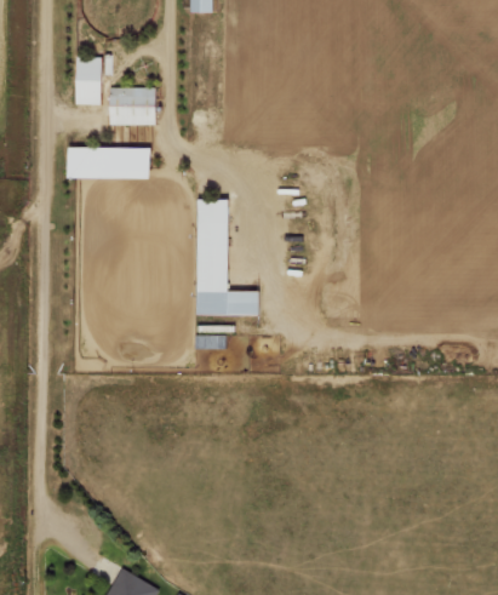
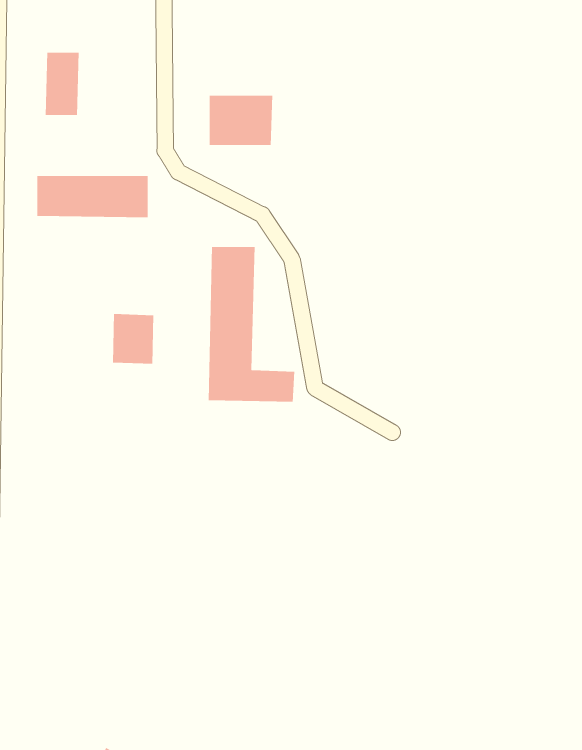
building: [108,87,155,125] -> [209,95,273,146]
building: none -> [112,313,154,365]

